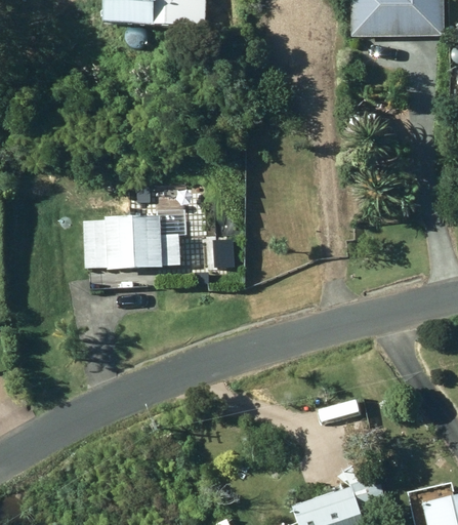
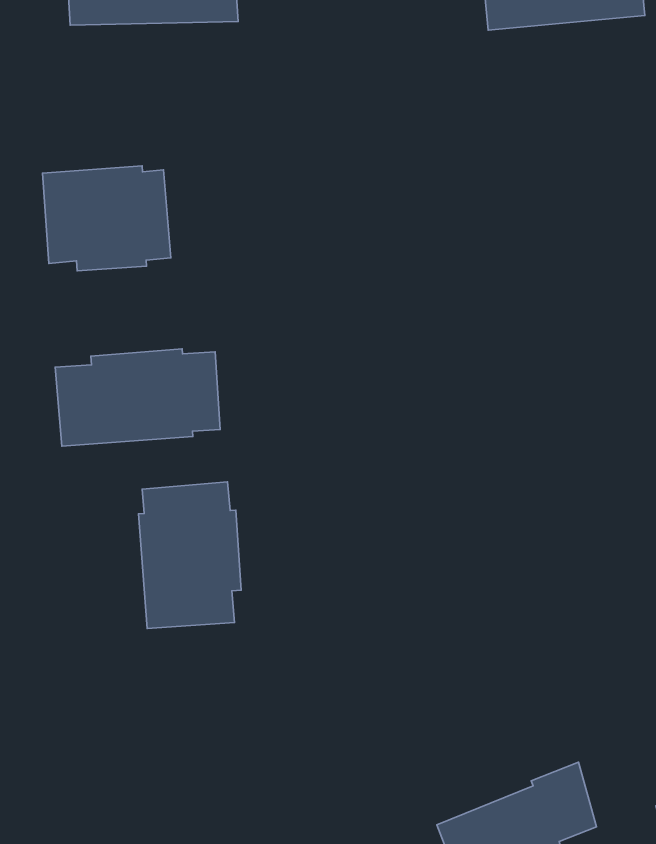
building: none -> [43,166,171,271]
building: none -> [139,482,241,629]

